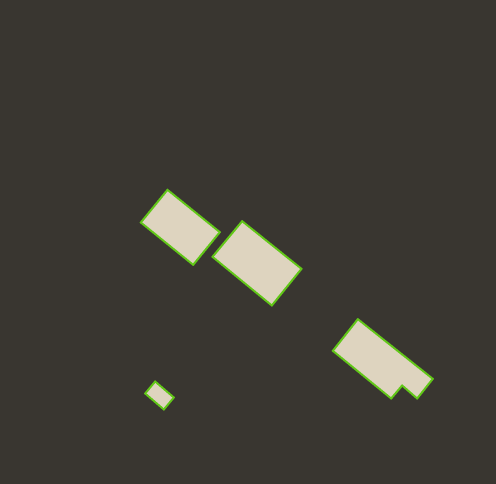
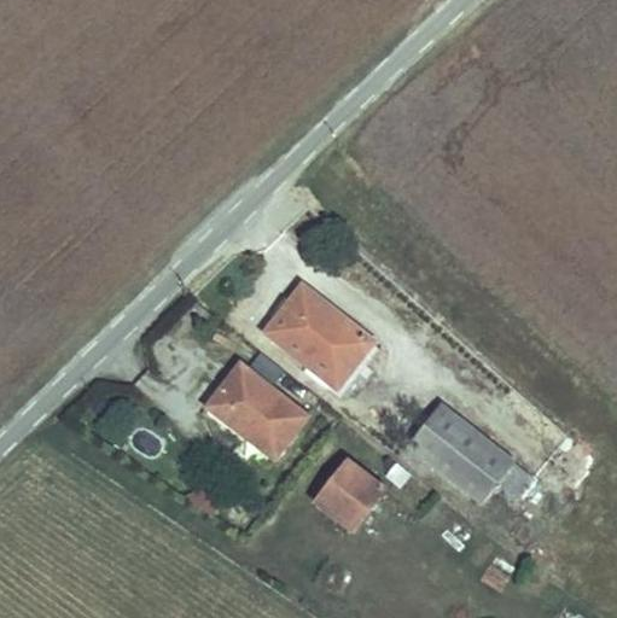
building: [141,190,220,265] -> [208,363,304,455]
building: none -> [316,462,382,529]

